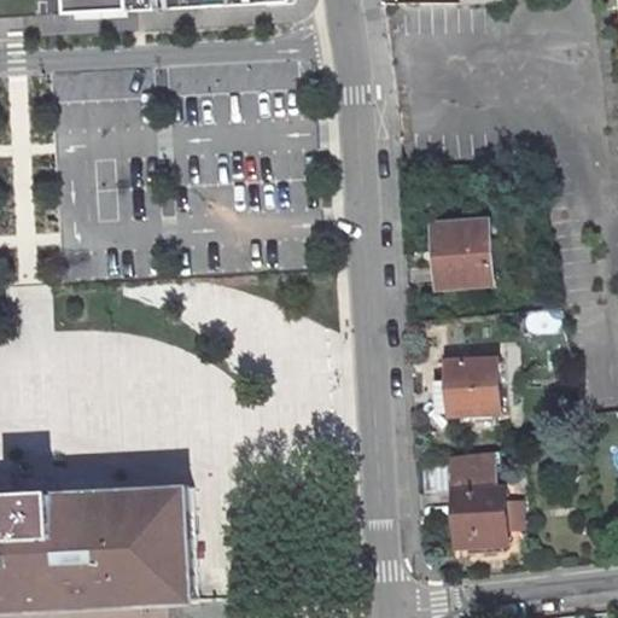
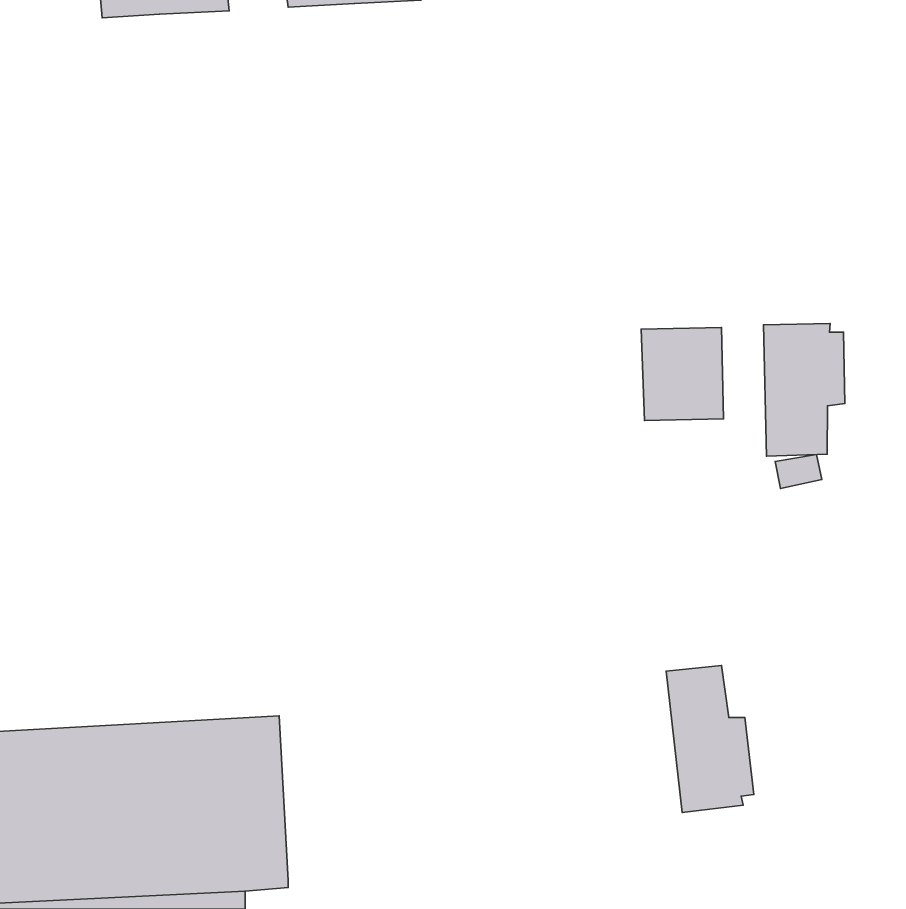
building: none -> [764,324,845,456]
building: [436,356,497,414] -> none

